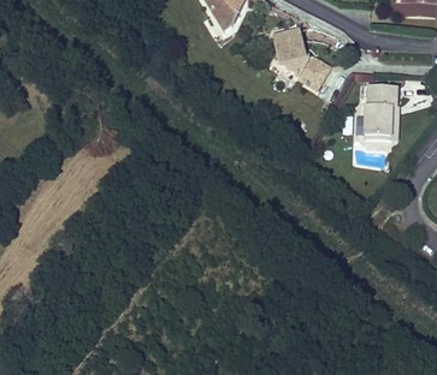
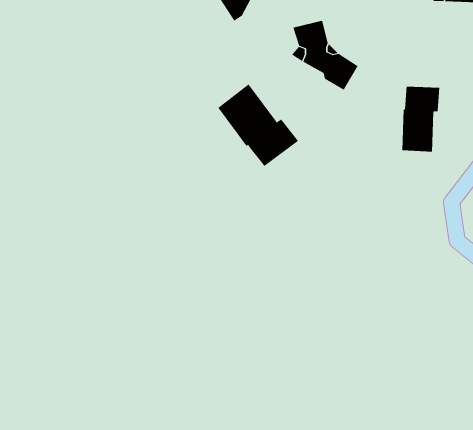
building: none -> [217,84,299,167]

